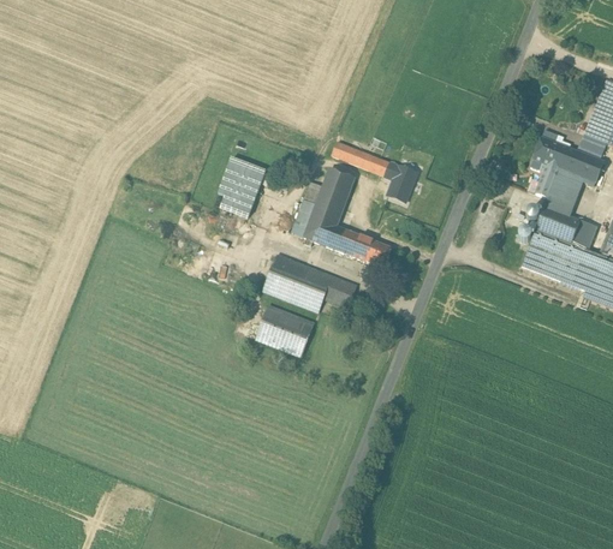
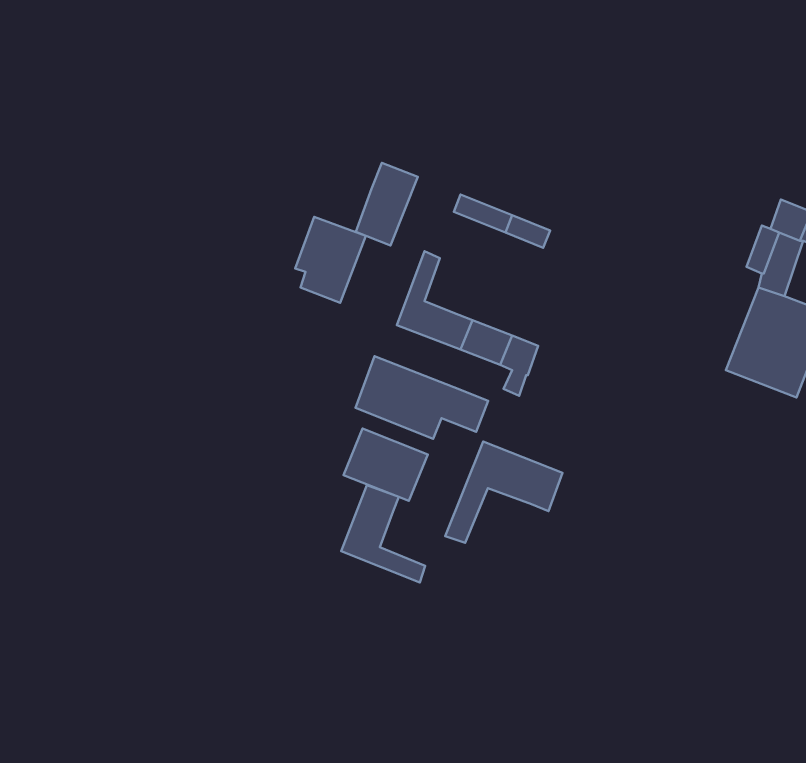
building: [531,137,560,169] -> none
building: [388,167,416,201] -> none
building: [311,168,355,226] -> [356,163,418,246]
building: none -> [445,441,562,543]
building: none -> [341,485,425,583]

